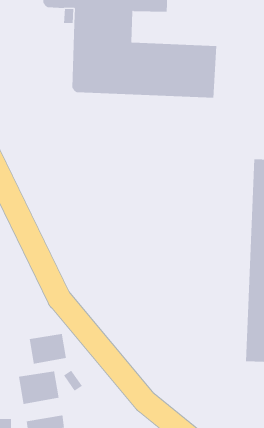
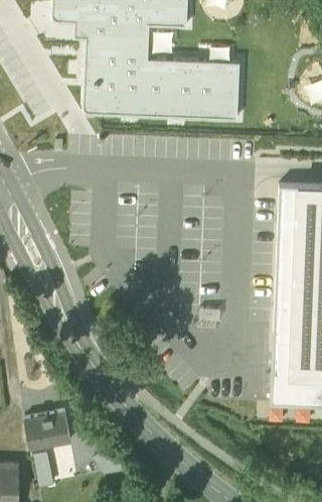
building: [29,333,66,364] -> none

